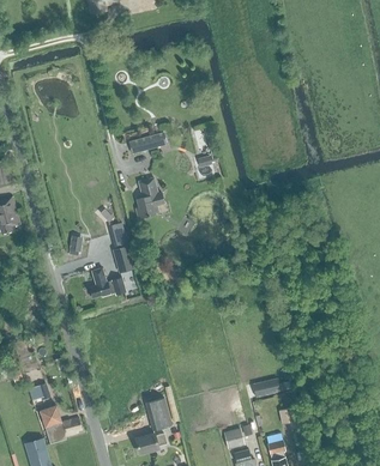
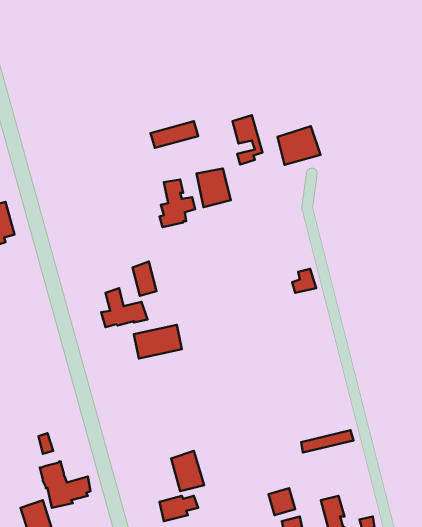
building: none -> [277,126,320,165]
building: none -> [196,168,231,207]
building: none -> [134,325,182,359]

